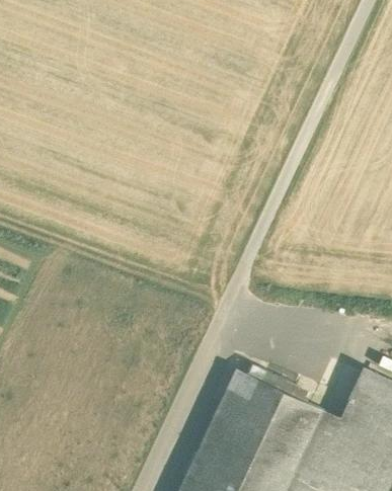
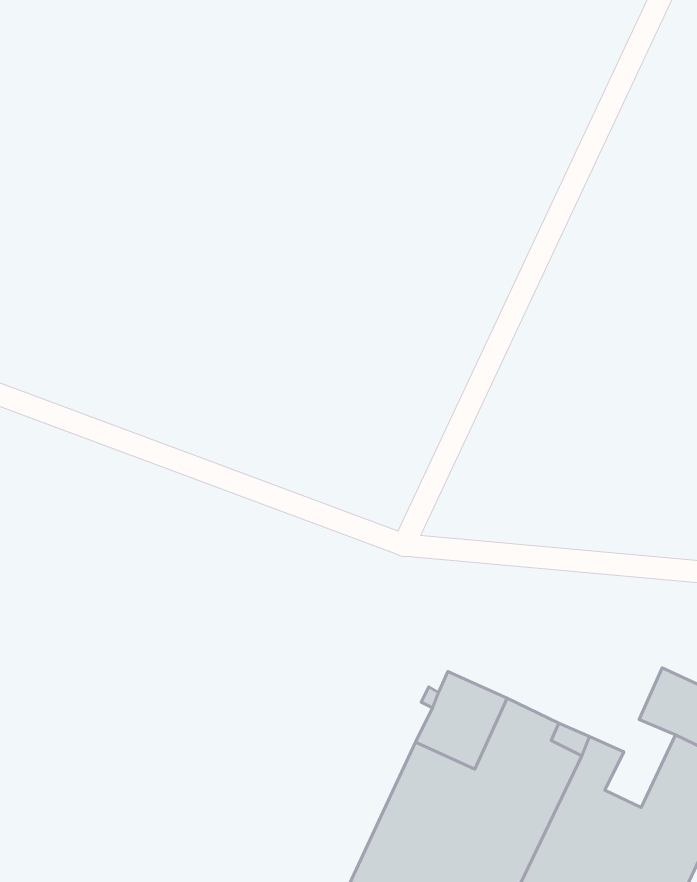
building: [321,399,359,445] -> none

